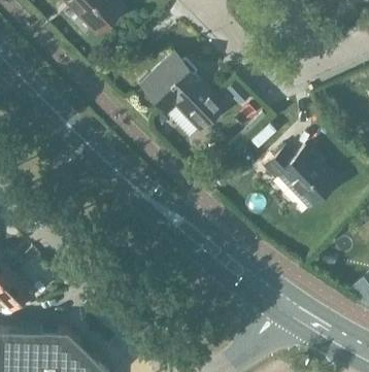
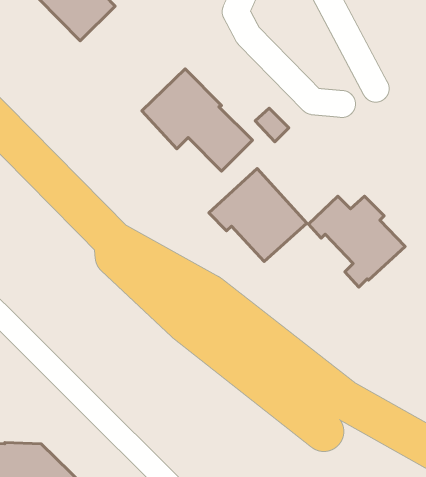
building: none -> [209,169,307,261]

